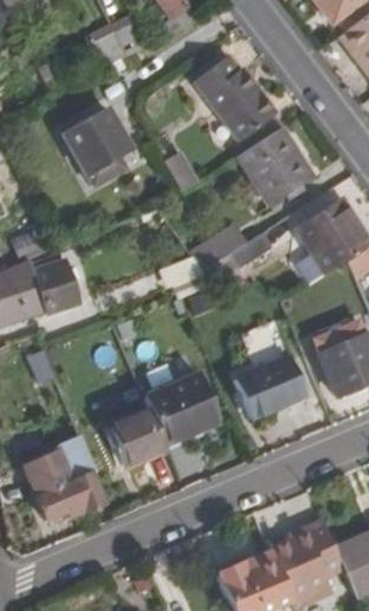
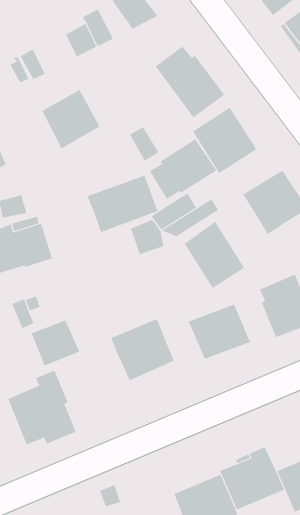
building: none -> [149,138,217,200]
building: none -> [87,175,158,233]
building: none -> [184,221,245,289]
building: [110,411,167,464] -> [31,320,80,366]

